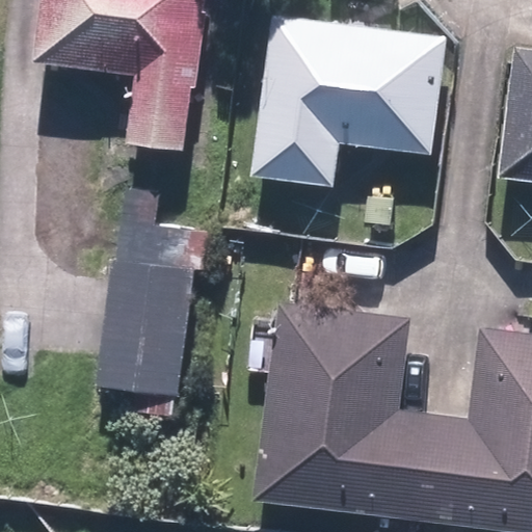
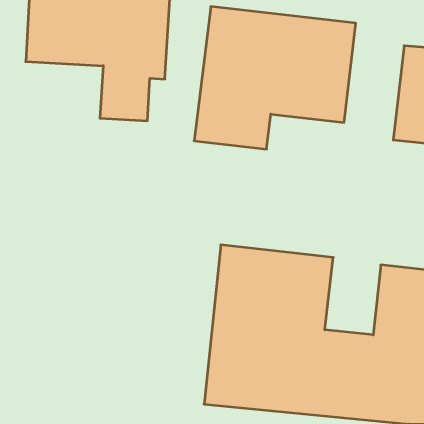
building: [95,264,200,397] -> none

